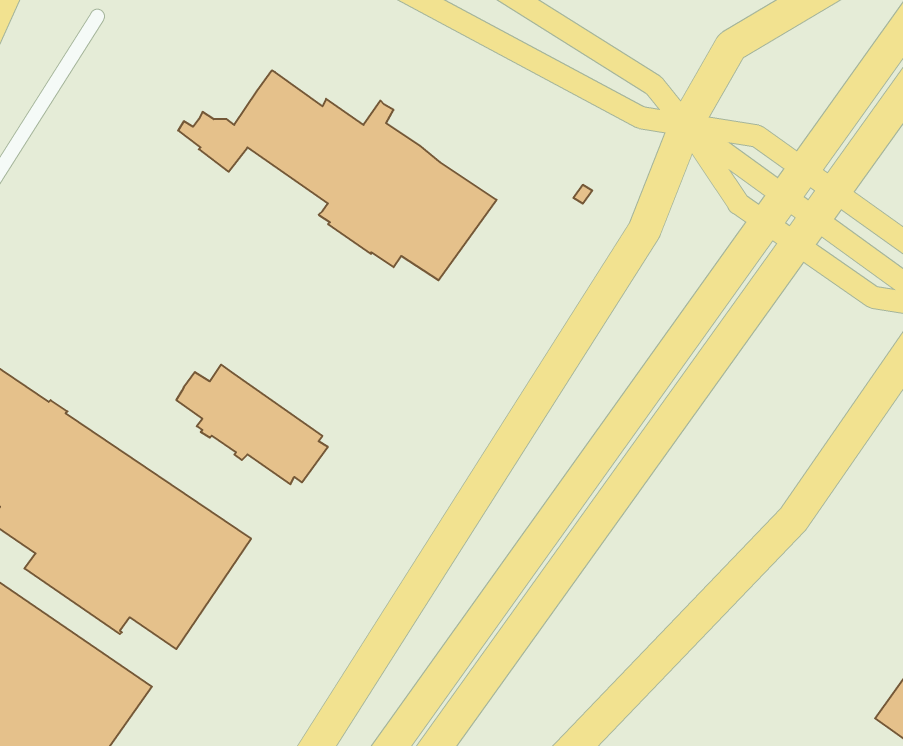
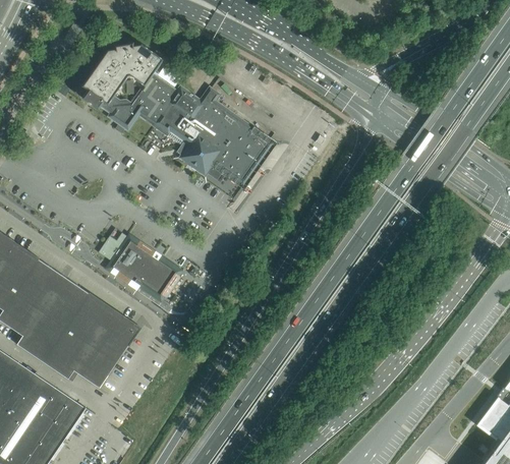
building: none -> [82,44,162,108]

